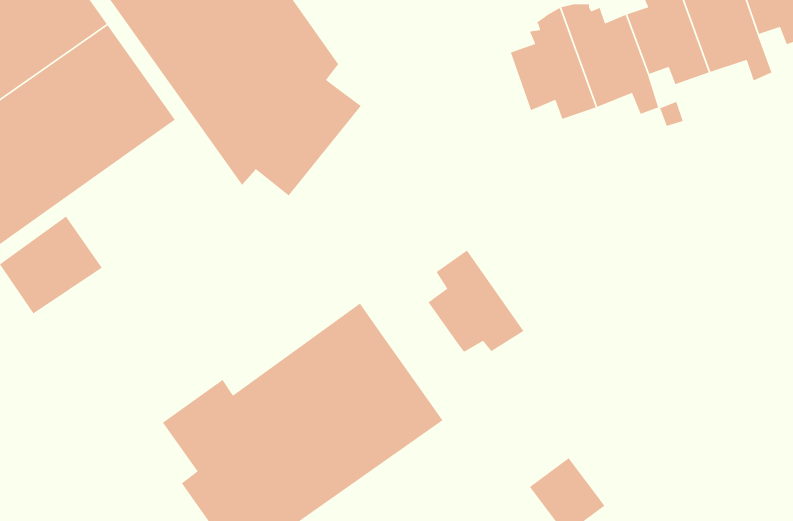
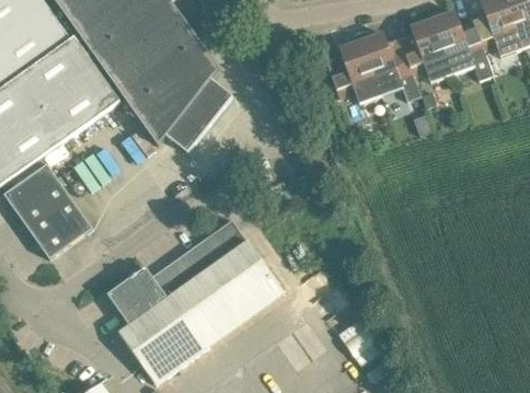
building: [428,250,524,353] -> none
building: none -> [26,196,92,258]

